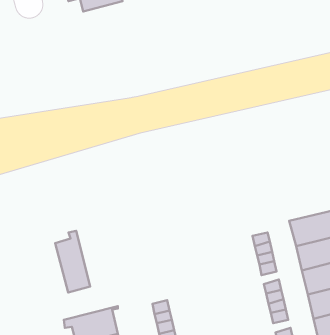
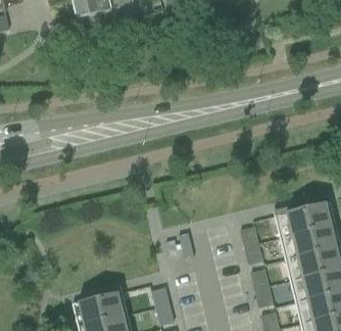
building: [55,231,90,293] -> none

